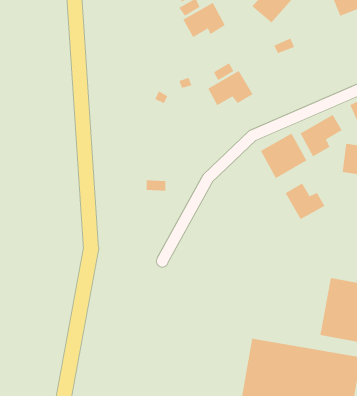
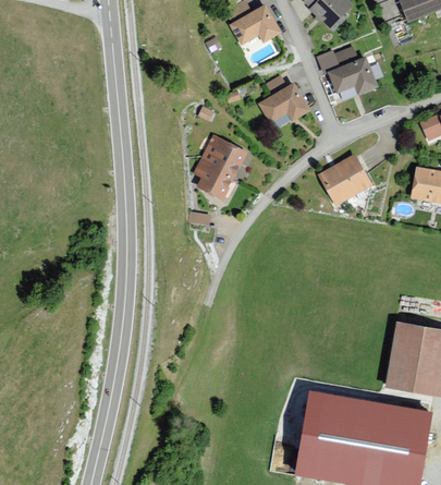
building: none -> [328,57,378,95]
building: [300,114,343,157] -> none
building: none -> [194,135,248,202]
building: [285,183,325,220] -> none

